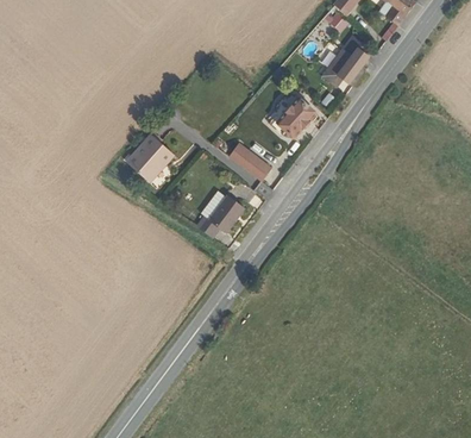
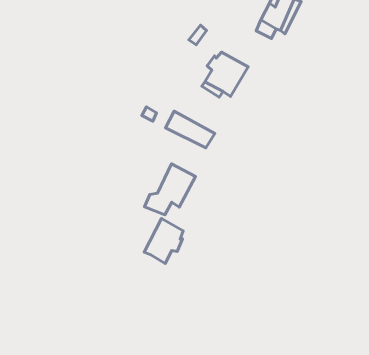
building: [123,132,170,181] -> none
building: none -> [144,218,183,263]

